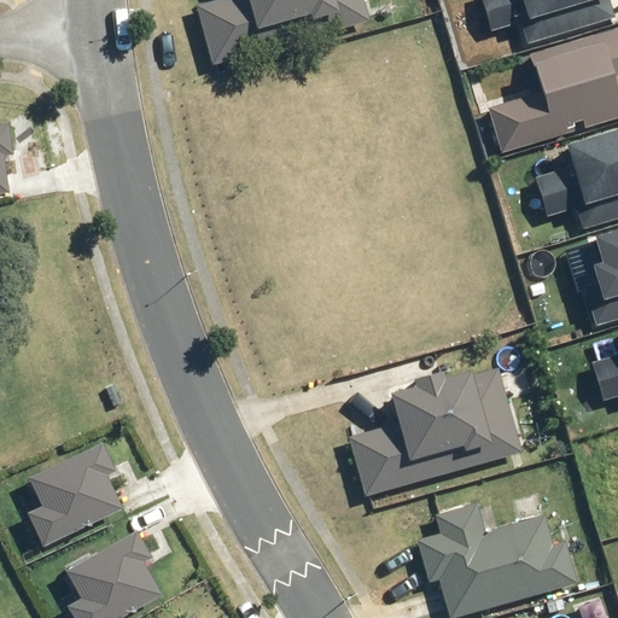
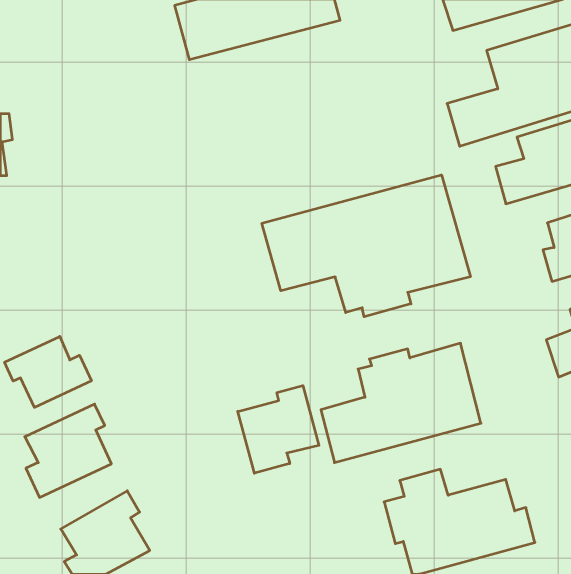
building: none -> [262,175,470,317]
building: none -> [5,336,91,407]
building: none -> [238,386,319,473]

